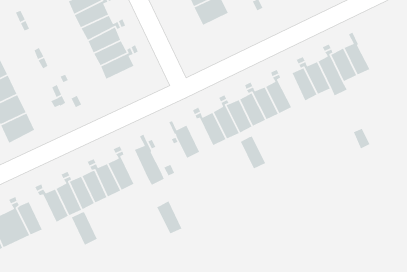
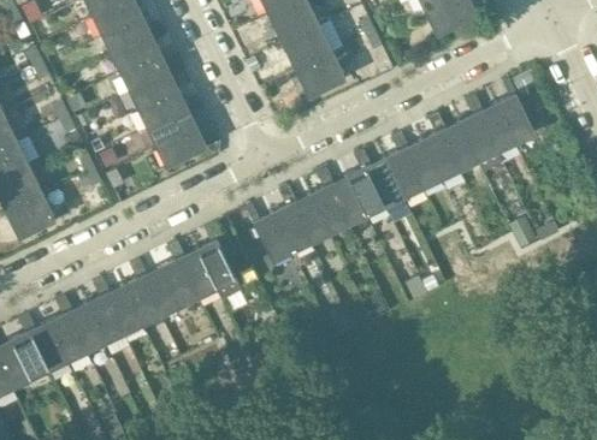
building: none -> [296,54,347,99]
building: none -> [158,130,220,168]
building: none -> [403,139,442,189]
building: [240,136,266,169] -> [273,204,311,252]
building: [156,200,182,235] -> [179,249,217,298]
building: [71,211,98,246] -> [48,314,87,363]

